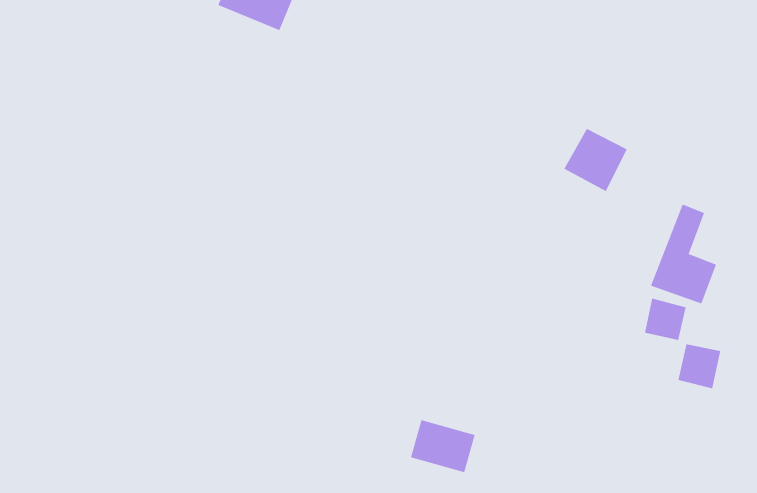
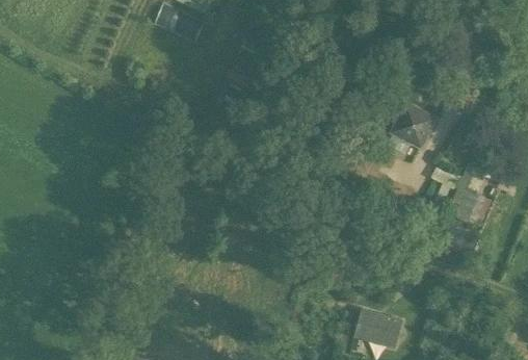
building: [678,344,721,389] -> none
building: [410,420,475,473] -> [354,309,399,345]

